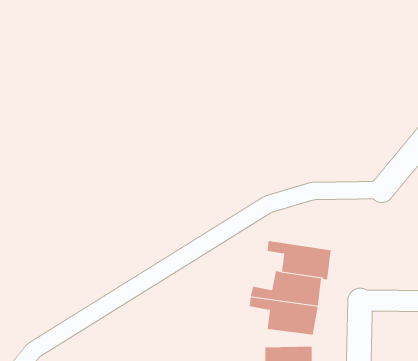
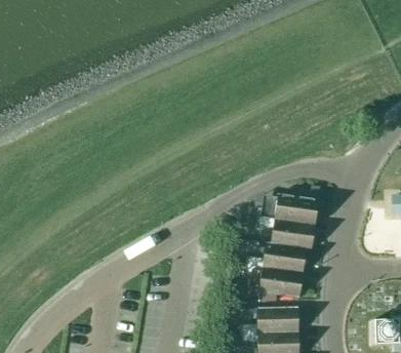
building: none -> [260,194,319,225]

